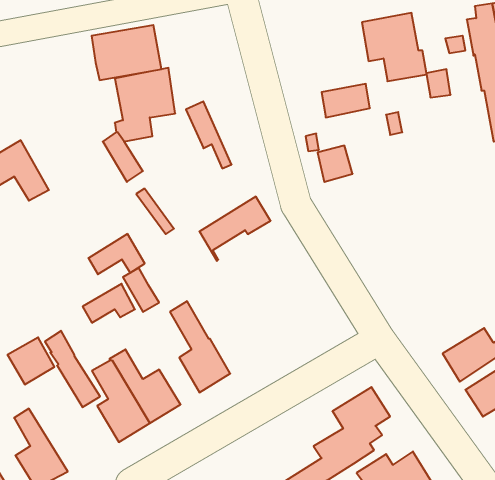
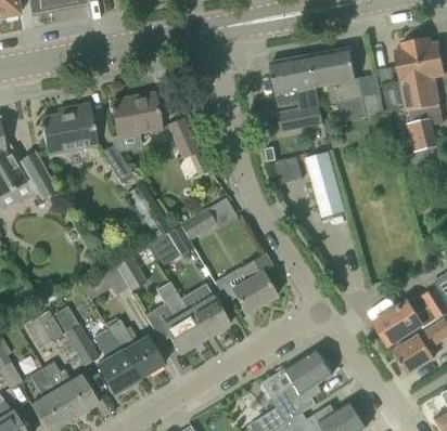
building: none -> [270,55,316,107]
building: [92,25,161,80] -> [40,109,97,154]
building: none -> [307,155,345,220]
building: [88,234,145,274] -> [148,224,193,257]
building: none -> [231,253,276,314]
building: none -> [188,296,229,339]
building: none -> [41,361,98,418]

